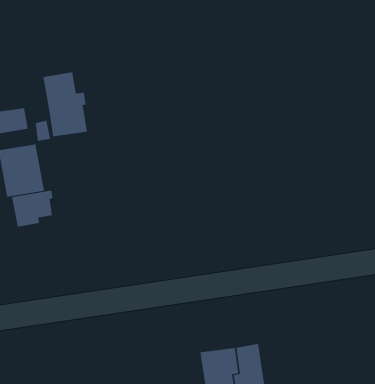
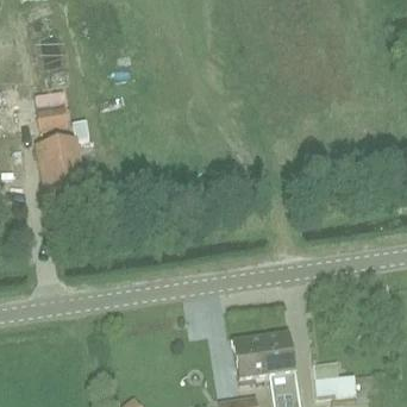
building: [43,72,87,137] -> none
building: [12,190,53,228] -> none

